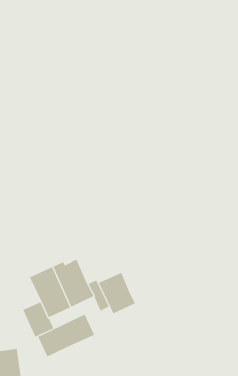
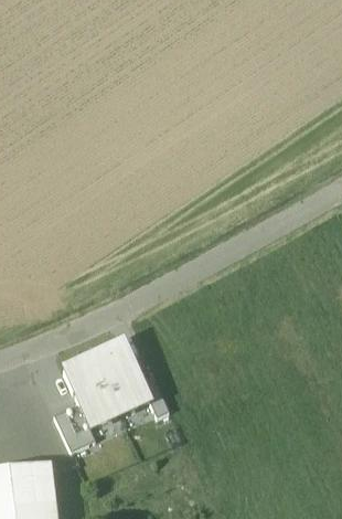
building: [98,272,136,314] -> none
building: [37,314,95,358] -> none

